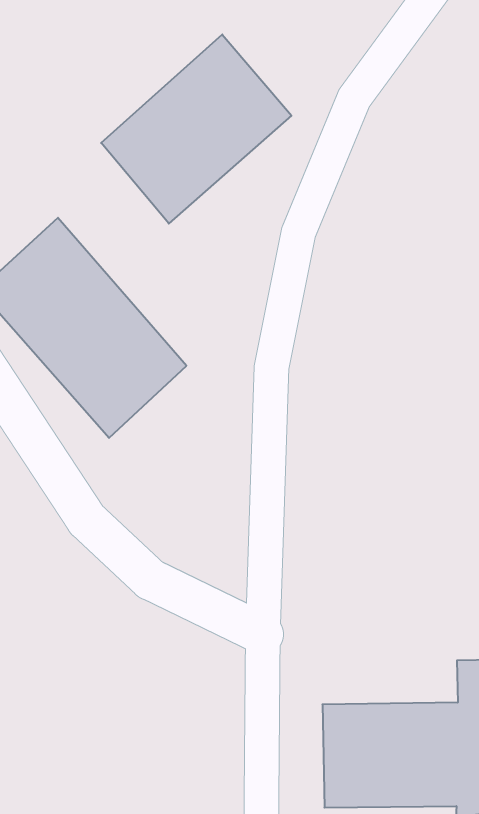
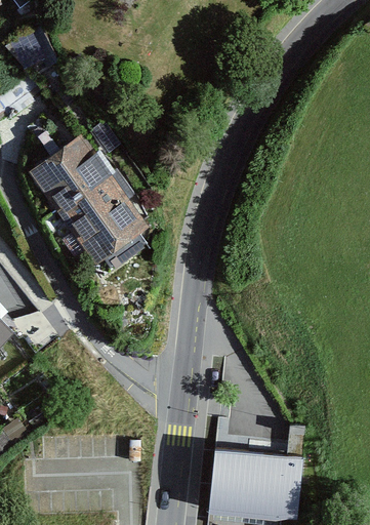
building: [101,34,291,224] -> none

